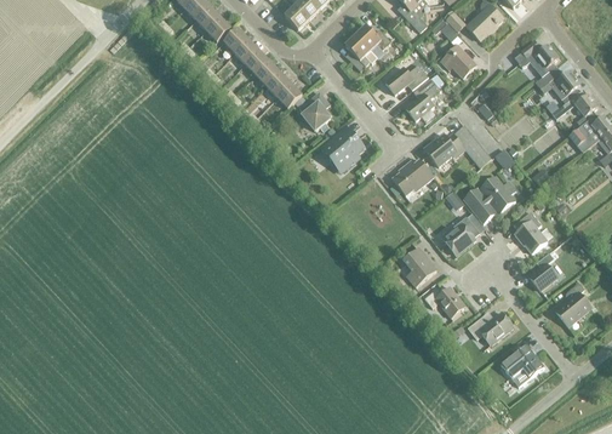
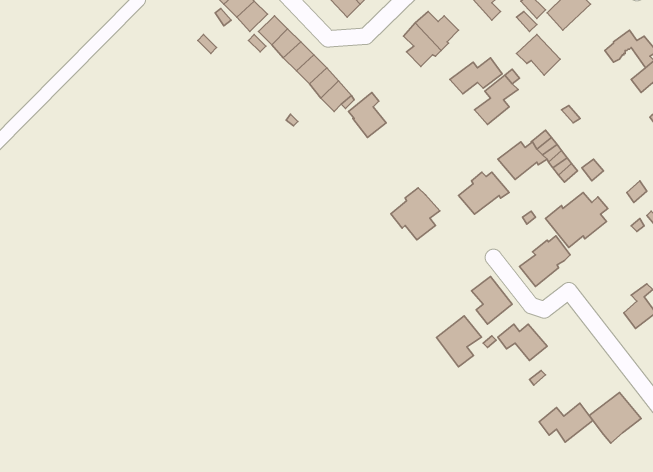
building: [320,125,361,169] -> [391,188,440,240]
building: [513,211,545,252] -> none
building: none -> [436,316,481,367]
building: [467,312,511,344] -> [539,403,593,442]

